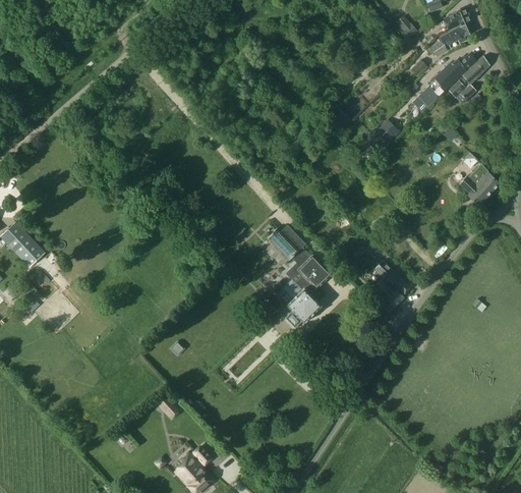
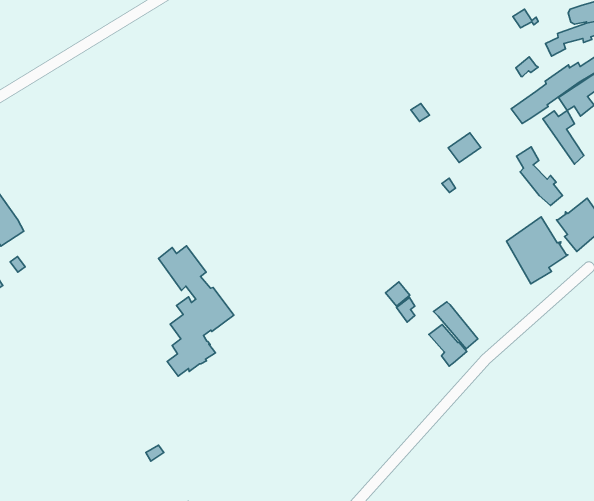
building: none -> [543,110,584,164]
building: none -> [516,147,563,206]
building: none -> [507,217,568,284]
building: [267,226,332,329] -> [159,246,234,376]

